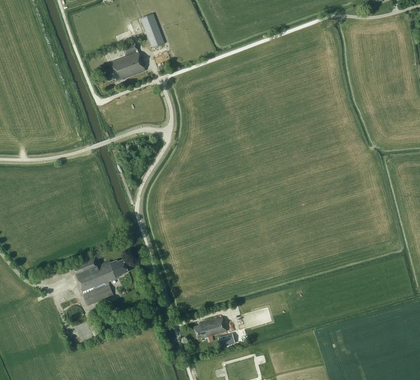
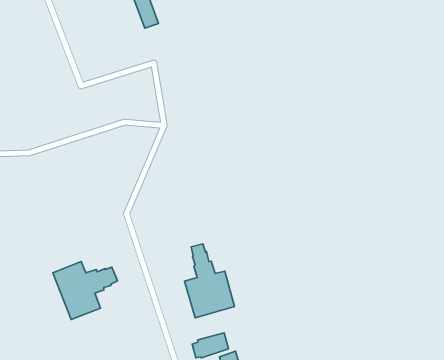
building: [105,43,146,83] -> none
building: none -> [185,244,235,318]

